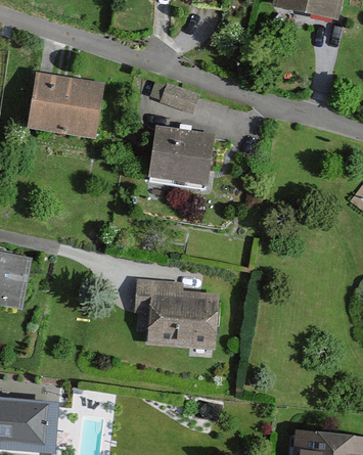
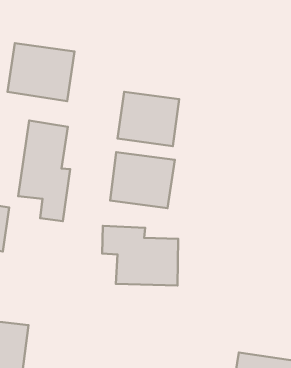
building: none -> [18,120,70,221]
building: none -> [110,152,175,208]

